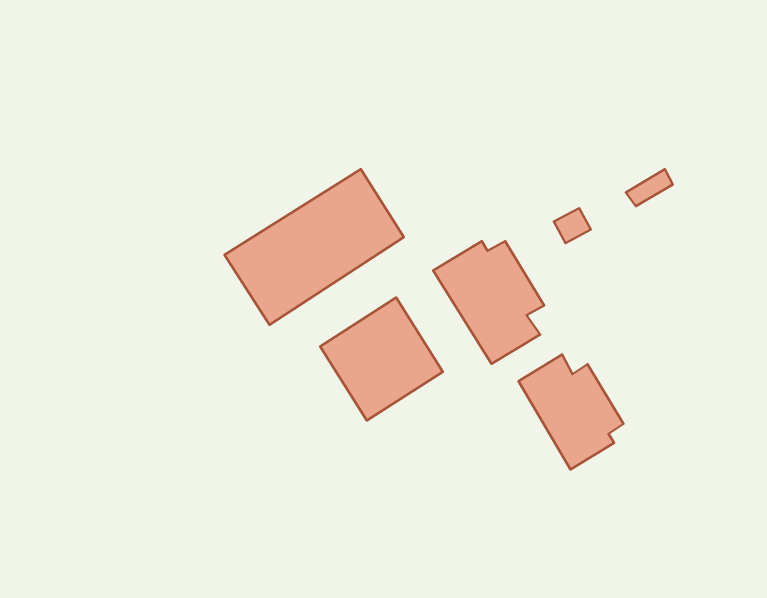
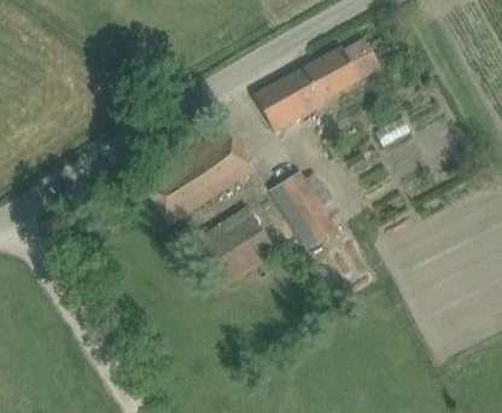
building: none -> [252,39,379,132]
building: [519,355,624,470] -> none

